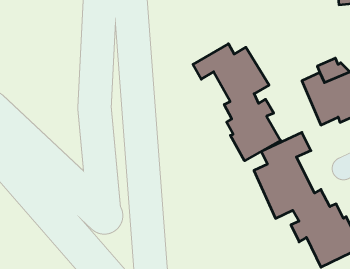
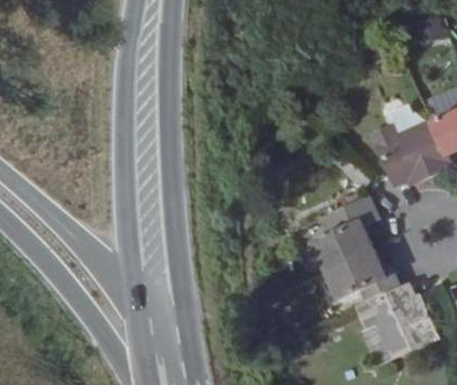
building: [193,44,281,161] -> none

